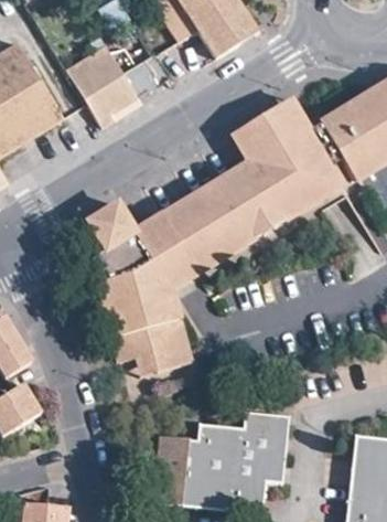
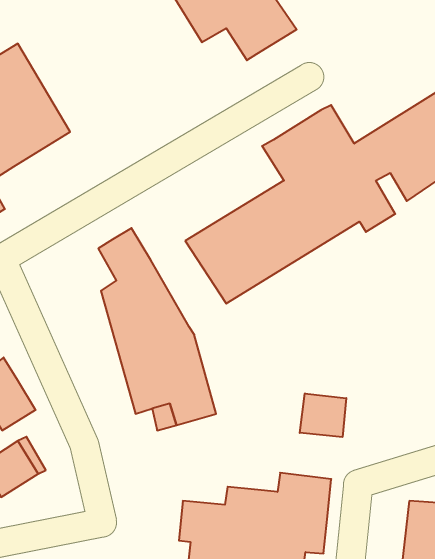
building: [66,44,166,127] -> none
building: [132,212,197,286] -> none
building: none -> [300,393,346,437]

